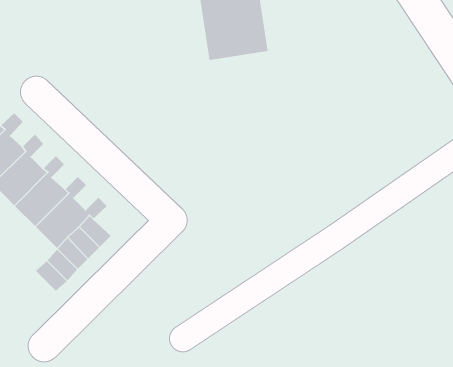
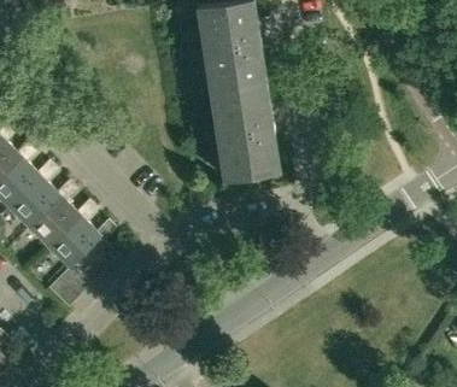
building: none -> [210,86,279,182]

